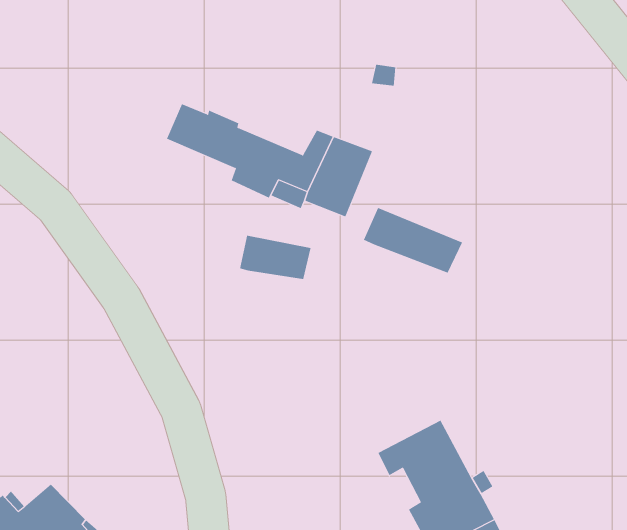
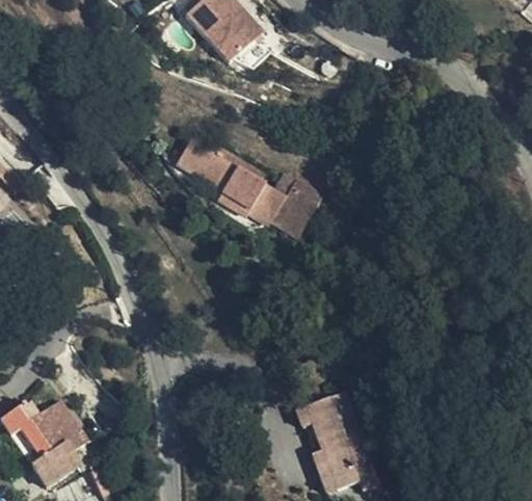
building: [363,207,463,274] -> none
building: [239,235,311,280] -> none

